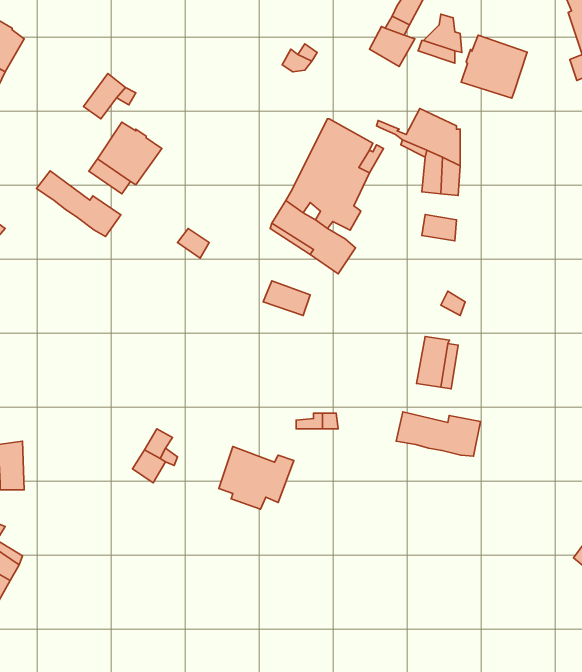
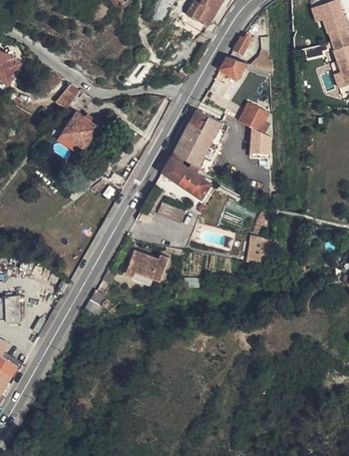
building: [461,35,527,98] -> none
building: [36,171,121,236] -> none
building: [396,412,480,456] -> none
building: [219,447,294,509] -> [125,250,168,286]

